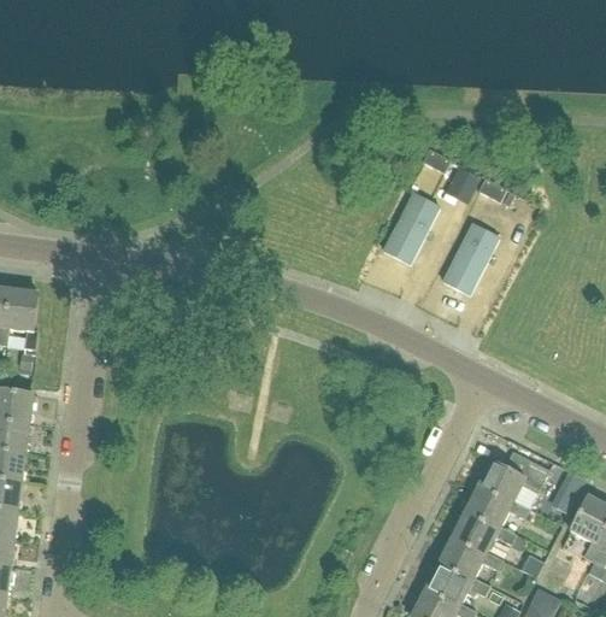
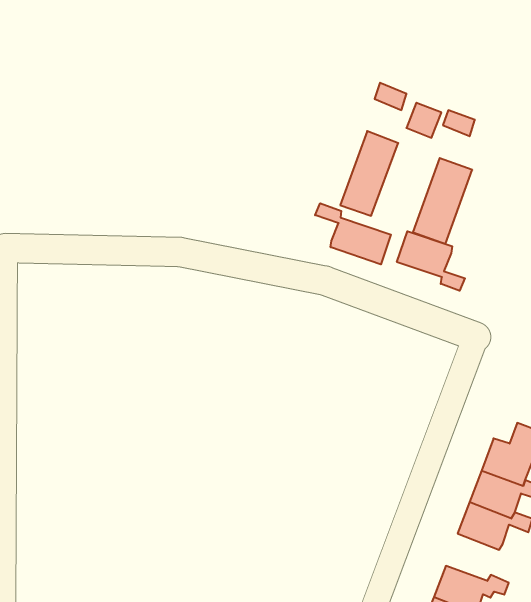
building: none -> [315,203,391,264]
building: none -> [397,231,465,291]
building: [437,540,502,583] -> none

